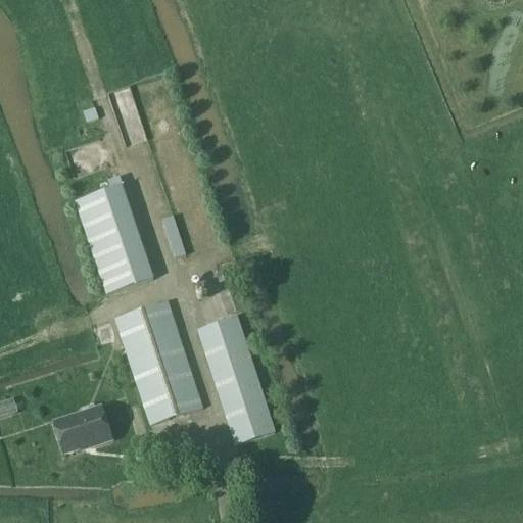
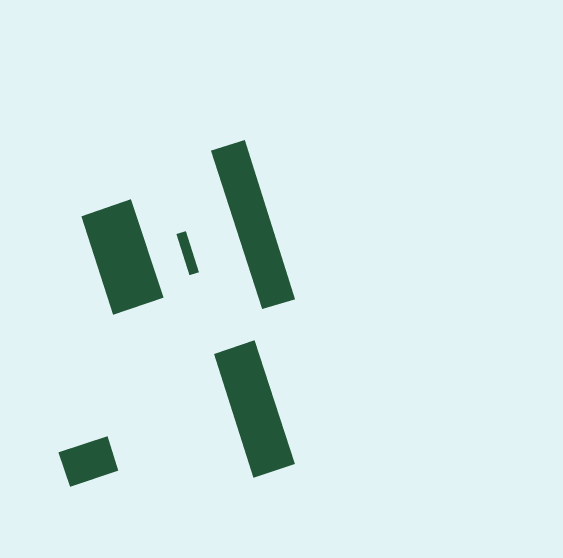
building: none -> [210,139,296,310]
building: [115,300,201,423] -> none

